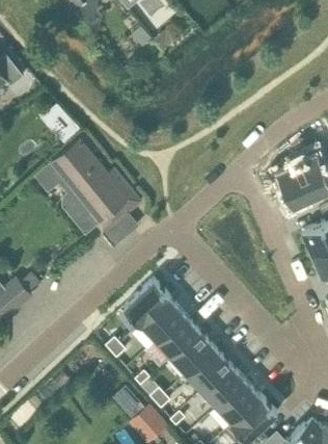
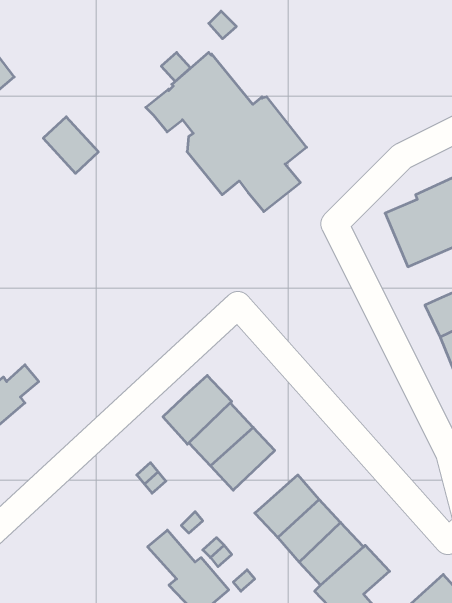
building: [33,137,142,245] -> [146,52,307,212]
building: [171,330,215,372] -> none

